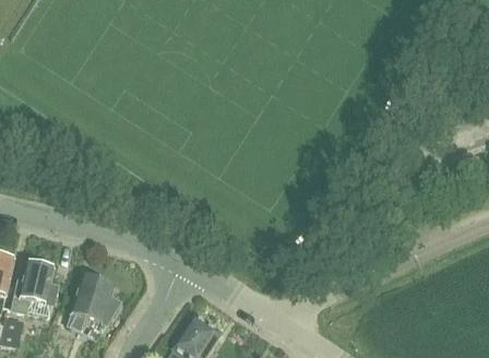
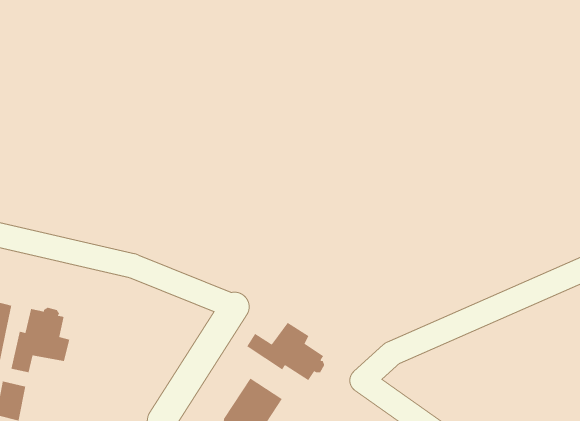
building: none -> [246,322,325,381]
building: [65,276,120,330] -> none

